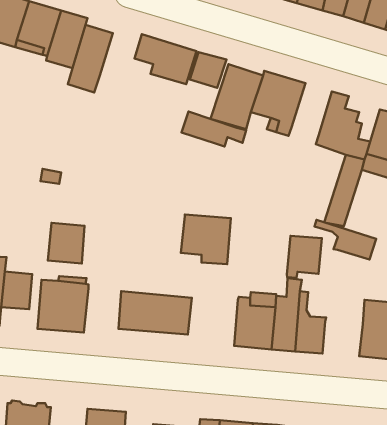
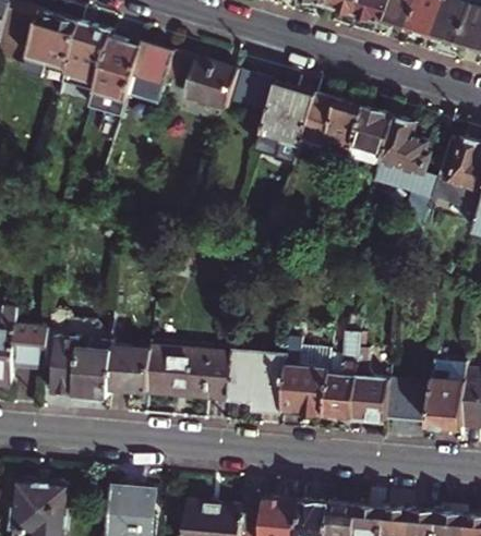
building: none -> [124,40,173,107]
building: none -> [347,106,394,167]
building: [182,111,246,147] -> none
building: [181,214,231,264] -> [227,352,285,410]
building: [315,220,376,260] -> none
building: [48,223,84,263] -> [107,343,149,390]
building: [287,236,322,278] -> none
building: none -> [383,381,430,422]

